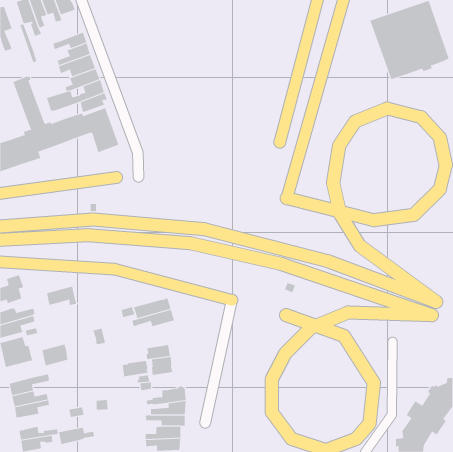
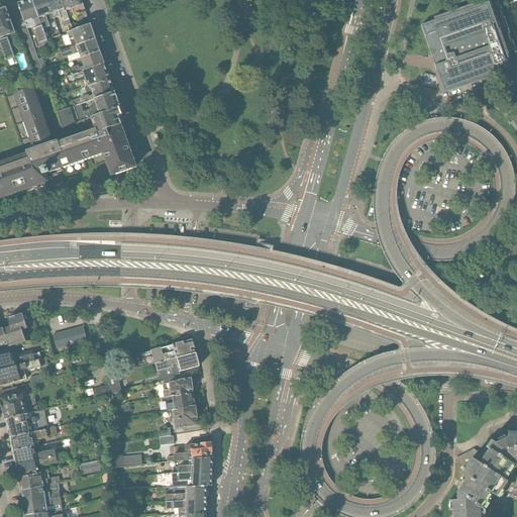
building: none -> [67,22,95,46]
building: [42,344,68,366] -> [6,411,36,436]
building: [122,361,148,377] -> [162,378,192,397]
building: [58,427,95,444] -> [18,470,60,490]

